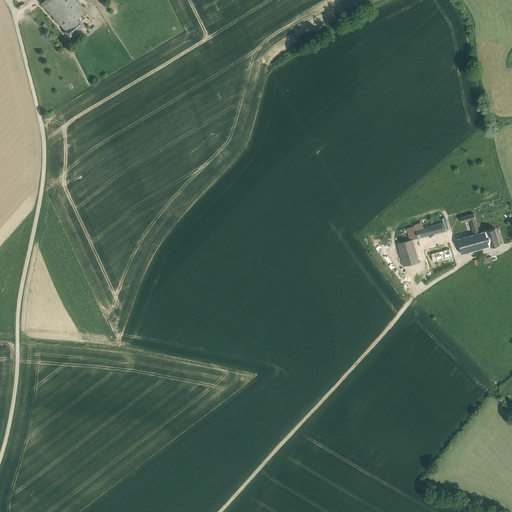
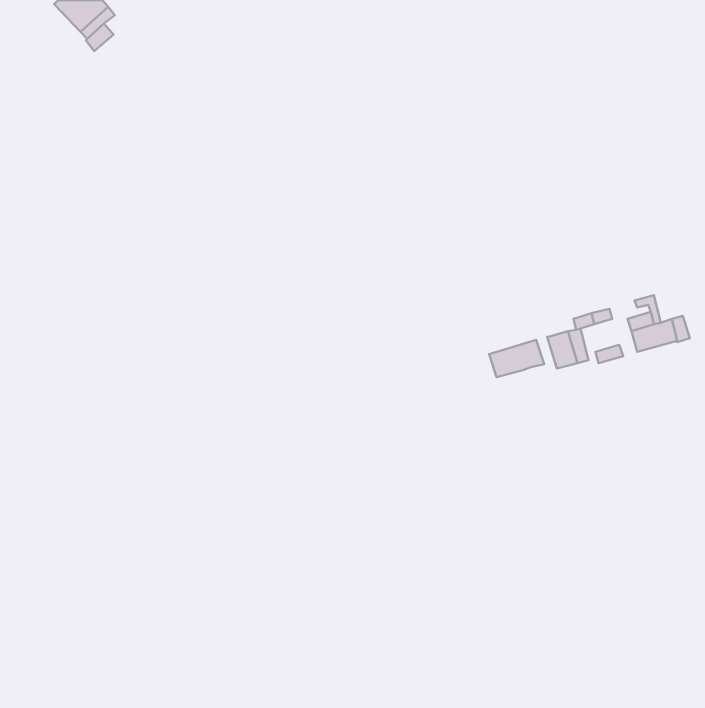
building: none -> [489,340,544,377]

